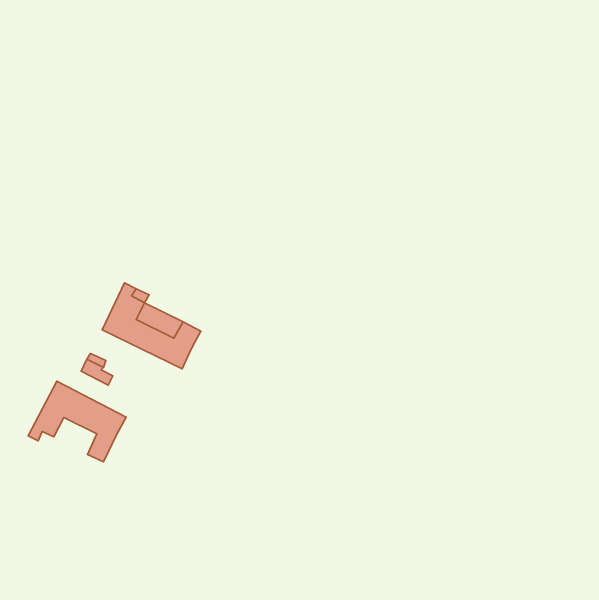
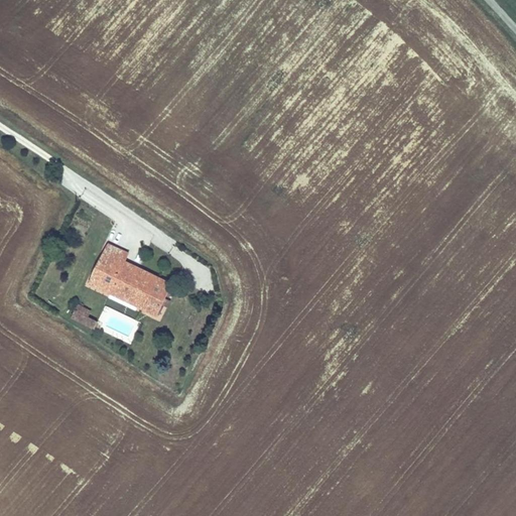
building: [28,381,126,462] -> none

